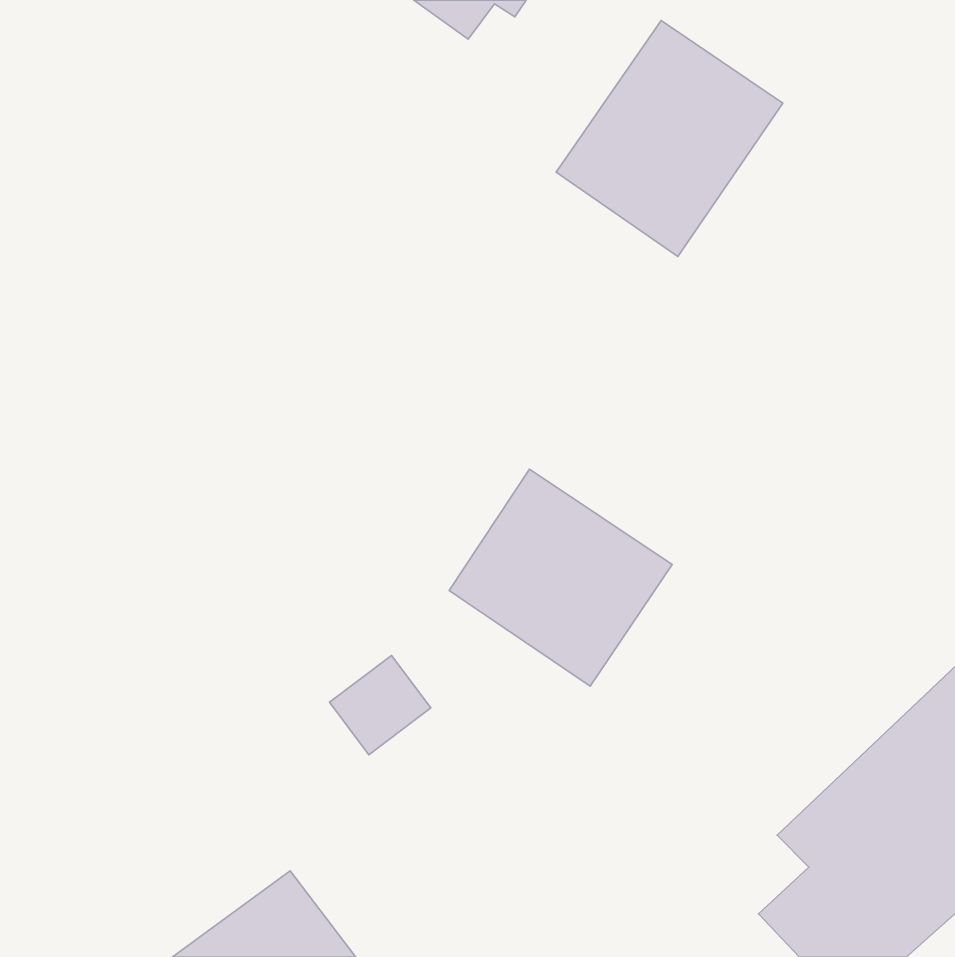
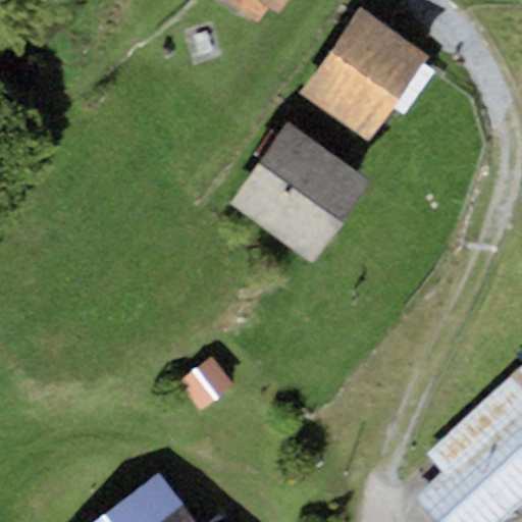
building: none -> [230,121,370,260]
building: [449,469,672,686] -> none

